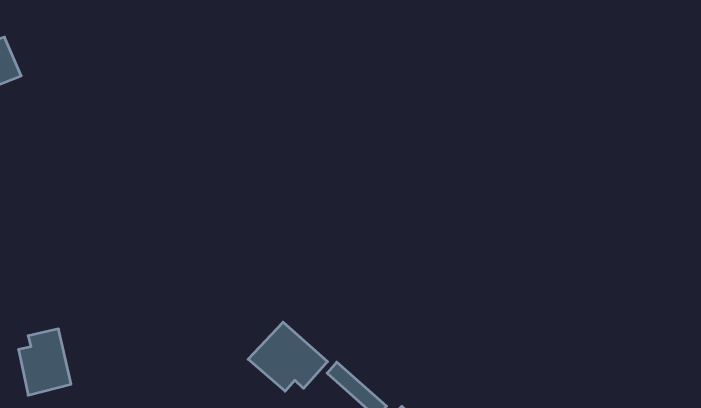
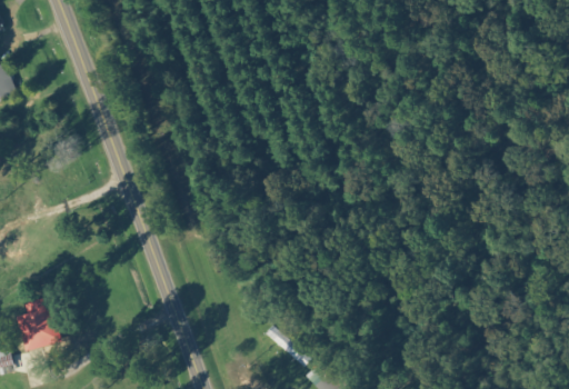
building: [248,322,328,391] -> none

